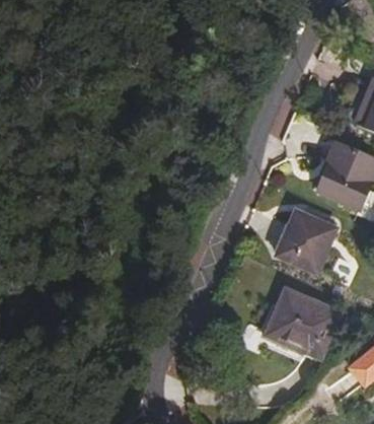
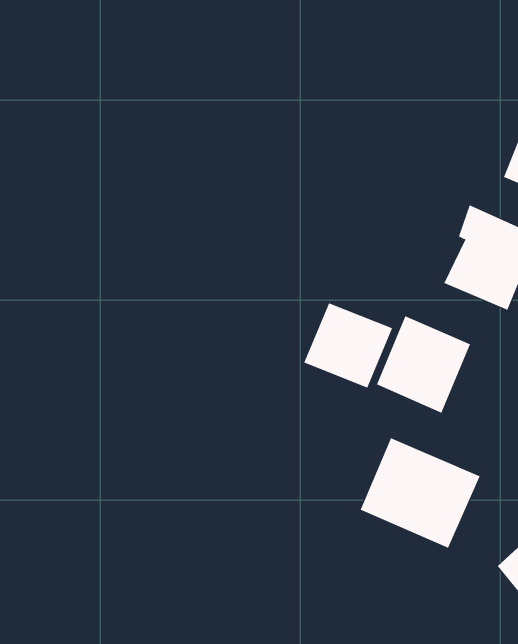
building: none -> [304,302,393,388]

